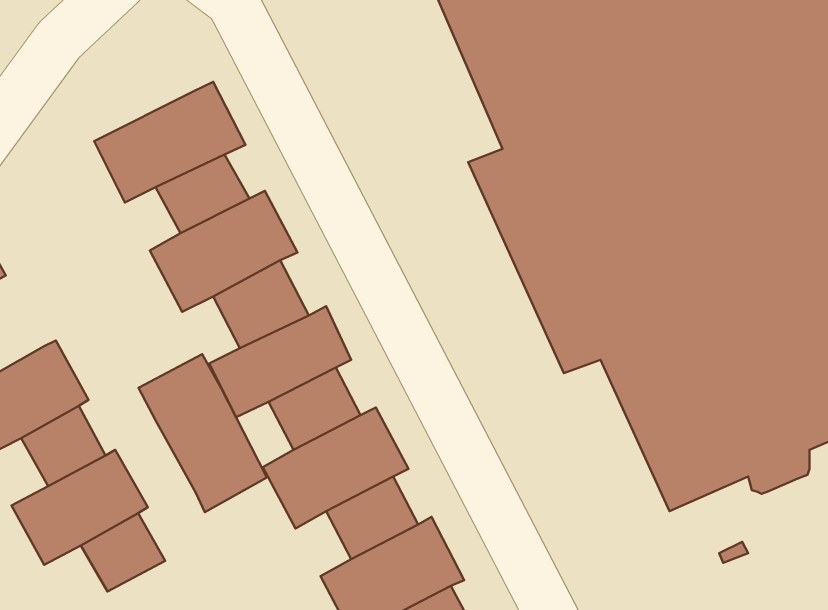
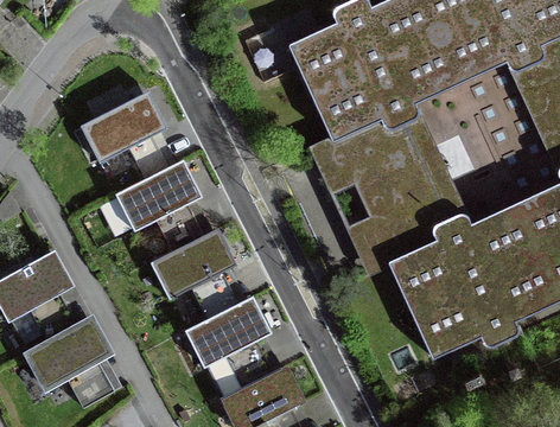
building: [139,354,267,512] -> none

